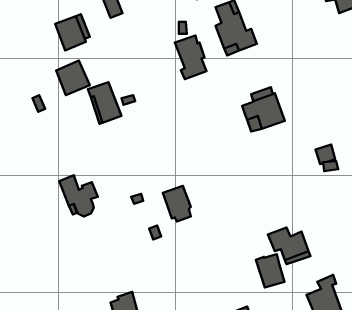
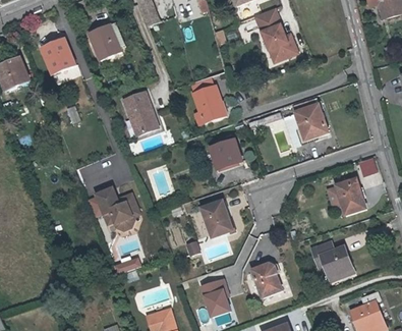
building: [175,36,207,79] -> [189,78,222,123]
building: [56,61,90,95] -> [42,38,76,73]
building: none -> [209,139,240,167]
building: none -> [333,179,363,215]
building: [256,254,285,288] -> [251,262,281,296]
building: none -> [203,276,233,316]

